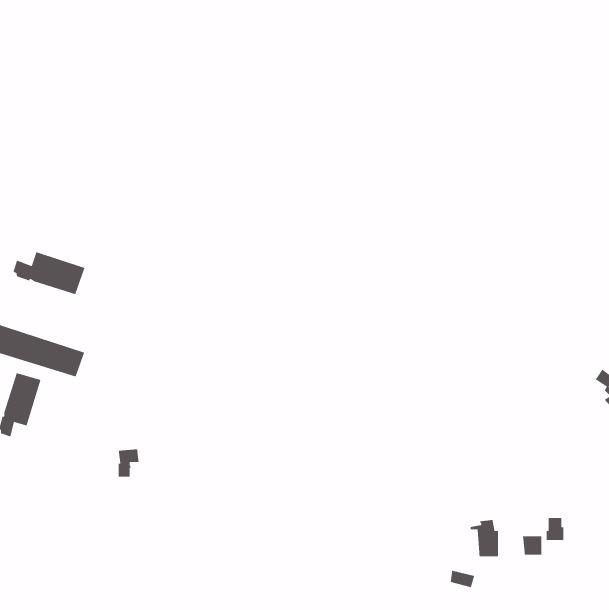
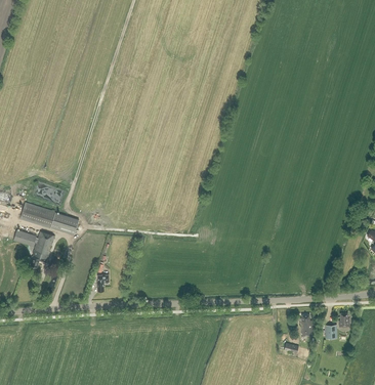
building: [13,251,86,295] -> none

